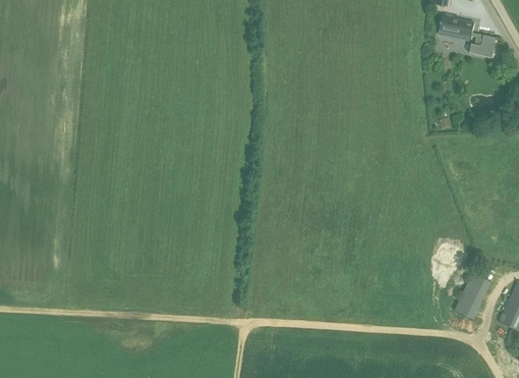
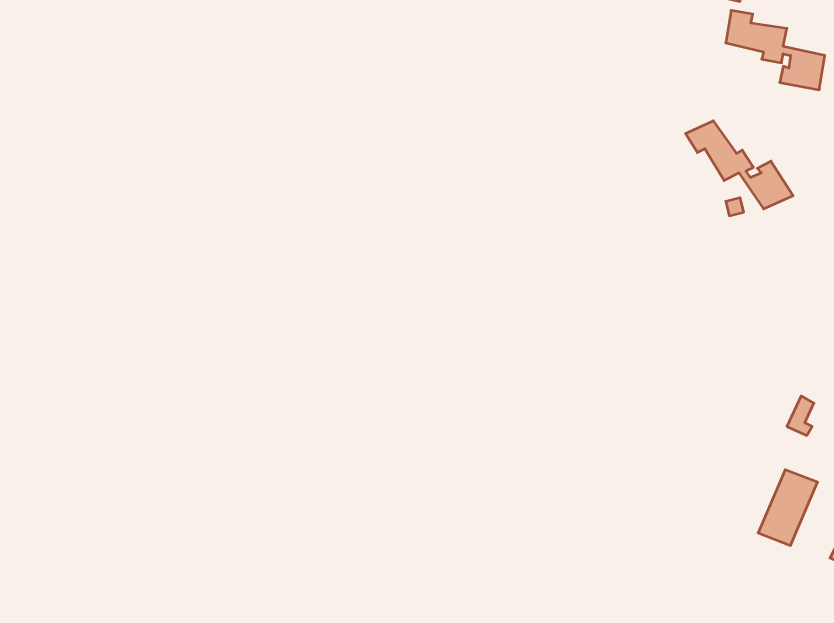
building: none -> [686,121,793,209]

